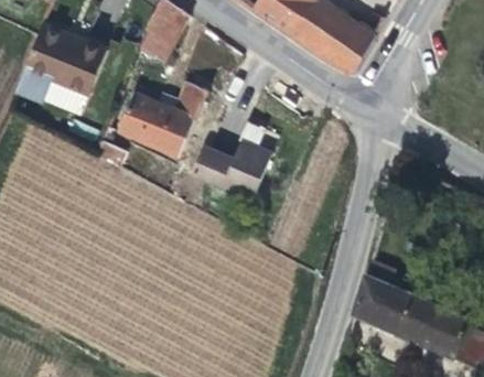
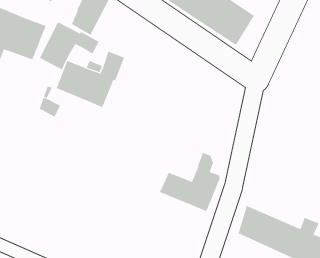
building: none -> [39,21,99,70]
building: [191,121,270,198] -> [159,152,221,212]

